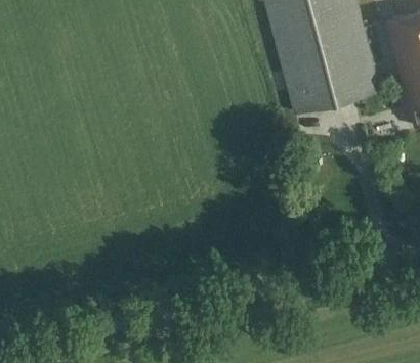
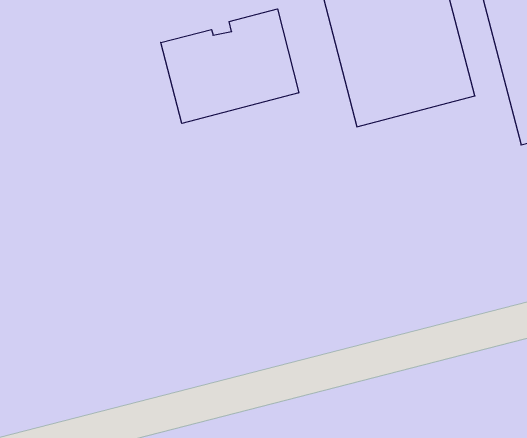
building: none -> [161,9,299,123]

